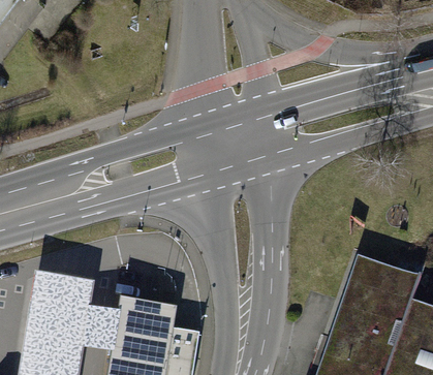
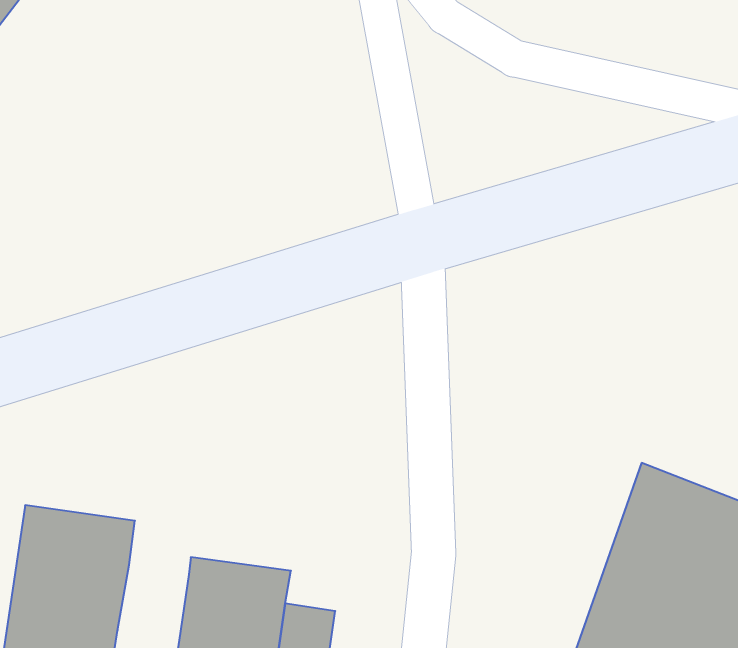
building: [80,308,118,348] -> none

